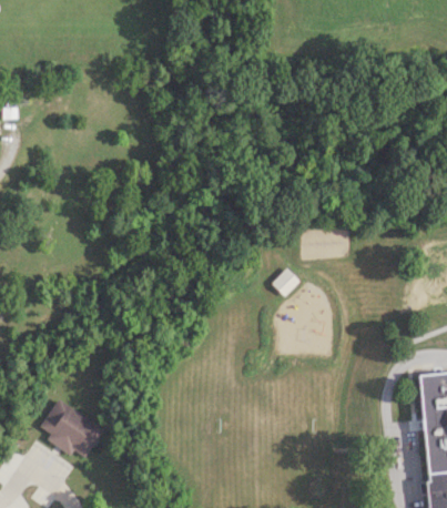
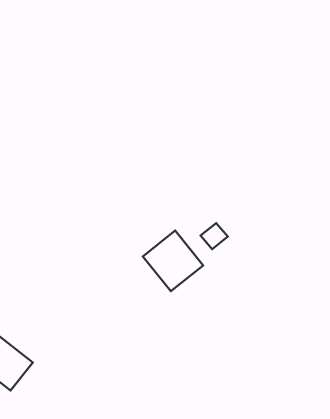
building: none -> [143,231,203,291]

